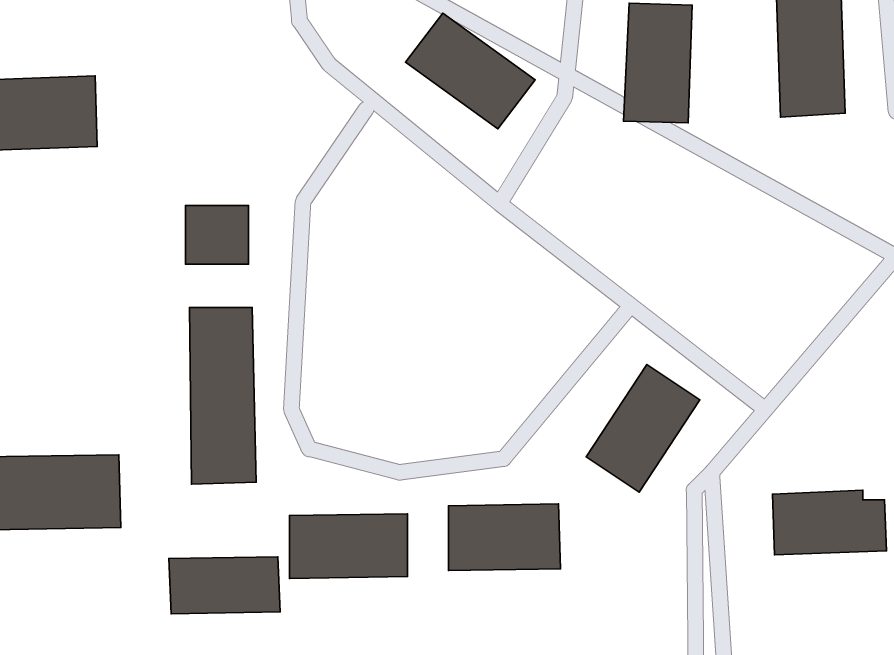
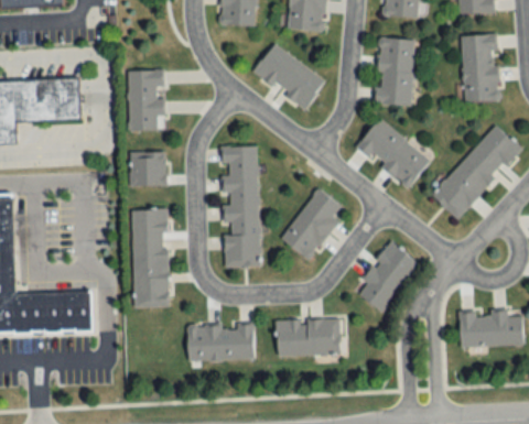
building: none -> [127,69,165,130]
building: none -> [356,118,432,187]
building: none -> [432,123,522,218]
building: none -> [222,145,260,267]
building: none -> [281,187,342,260]
building: [169,557,280,614] -> none

